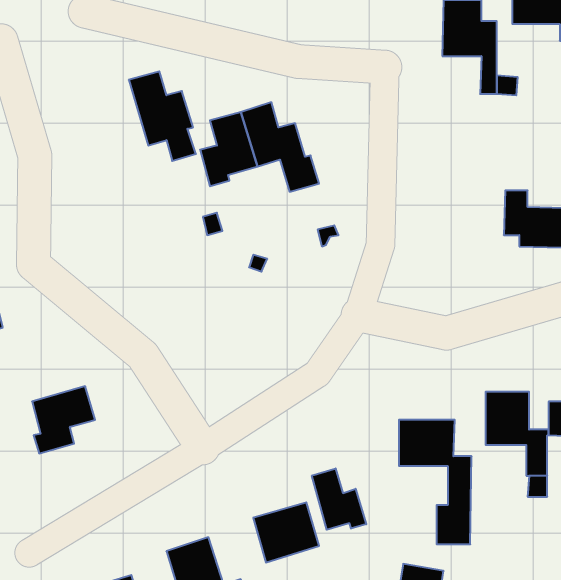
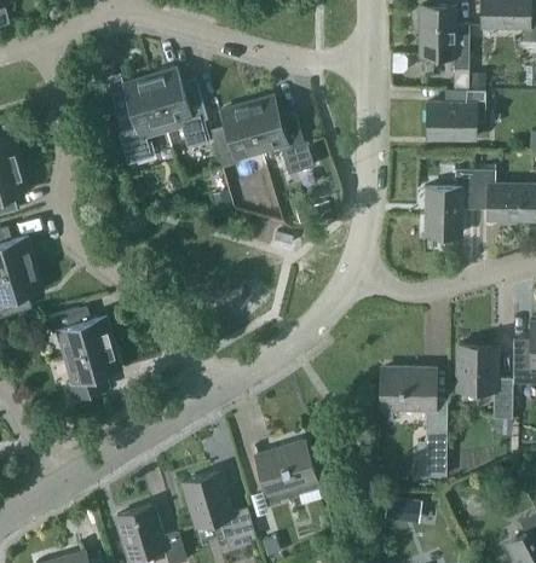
building: none -> [114,76,166,164]
building: none -> [426,91,484,140]
building: none -> [423,170,474,236]
building: none -> [47,308,111,354]
building: [312,468,366,530] -> none

